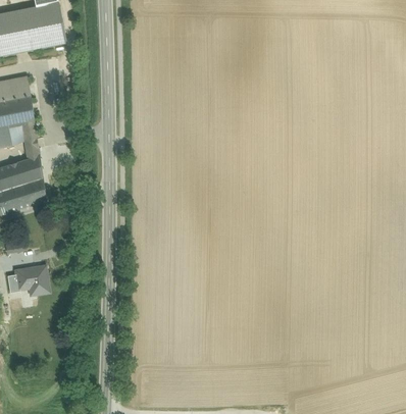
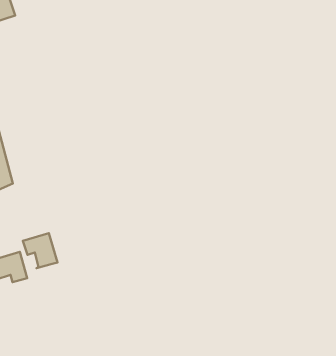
building: none -> [23,233,58,268]

